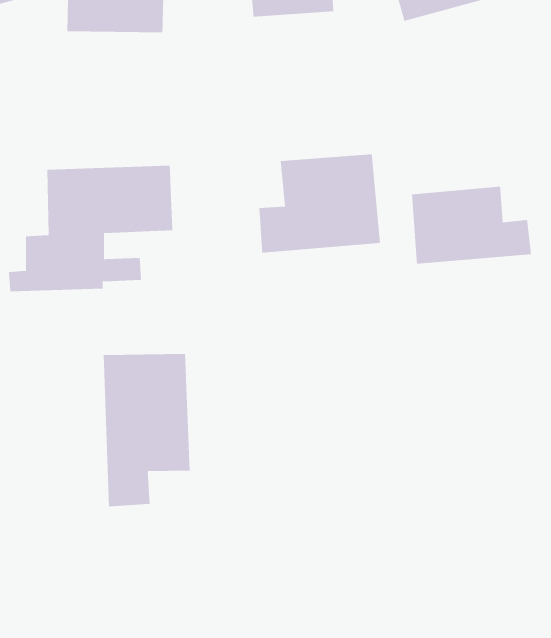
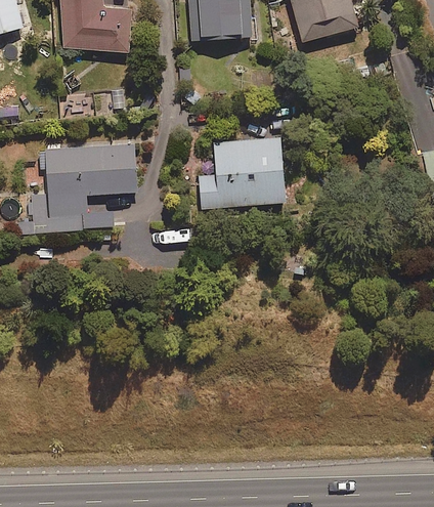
building: [411,186,532,264] -> none
building: [103,353,190,507] -> none

